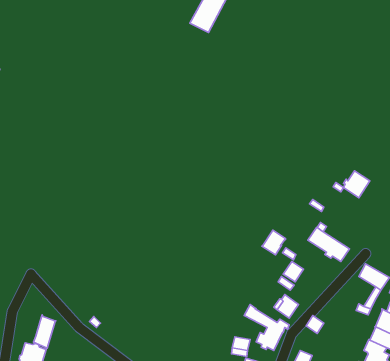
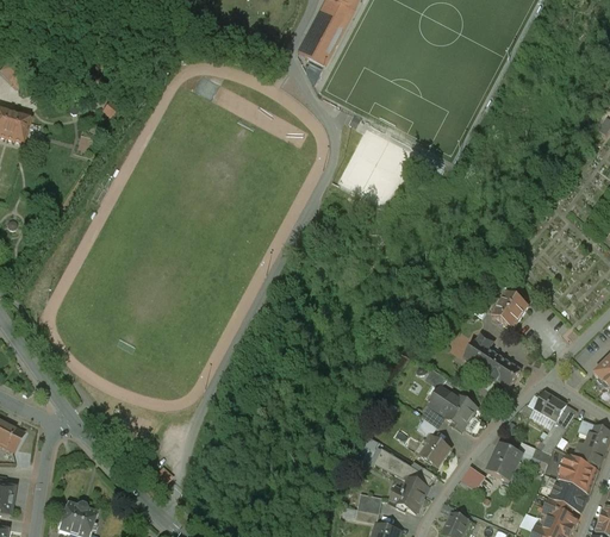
building: [344,171,370,198] -> [492,291,529,329]
building: [262,230,286,255] -> [444,394,478,429]
building: none -> [488,443,522,481]
building: [33,315,56,348] -> none

